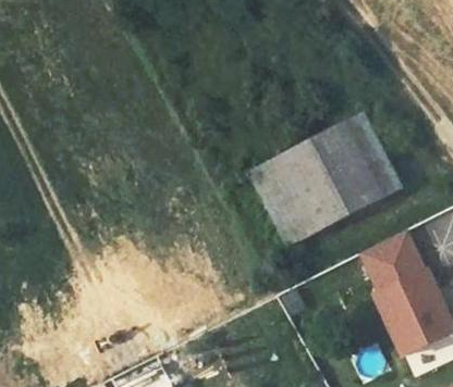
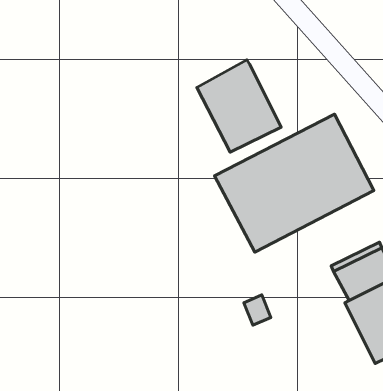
building: none -> [197,60,281,152]

